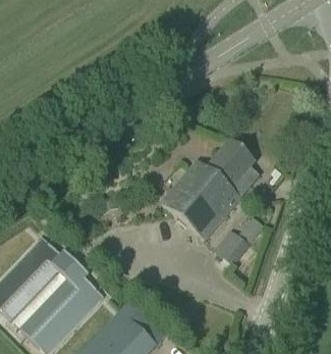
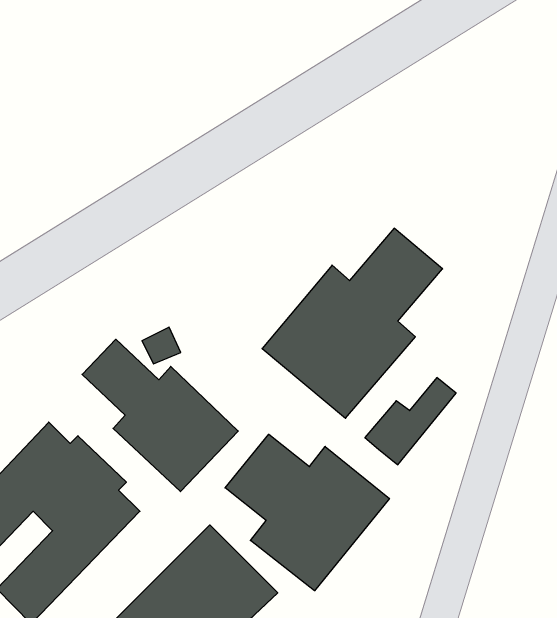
building: none -> [82,339,238,492]
building: none -> [225,434,389,591]

